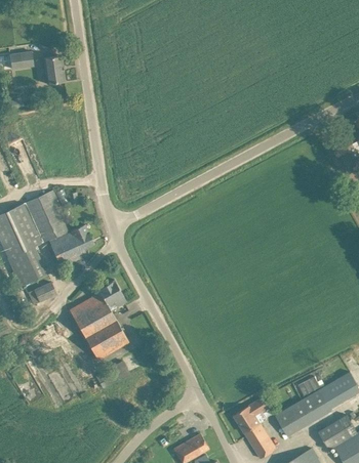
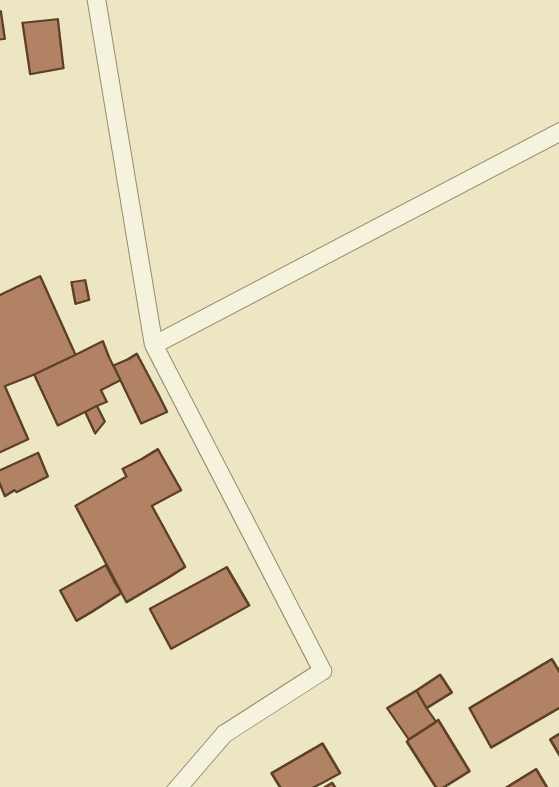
building: none -> [113,354,167,424]
building: none -> [60,565,121,621]
building: none -> [150,567,249,649]

